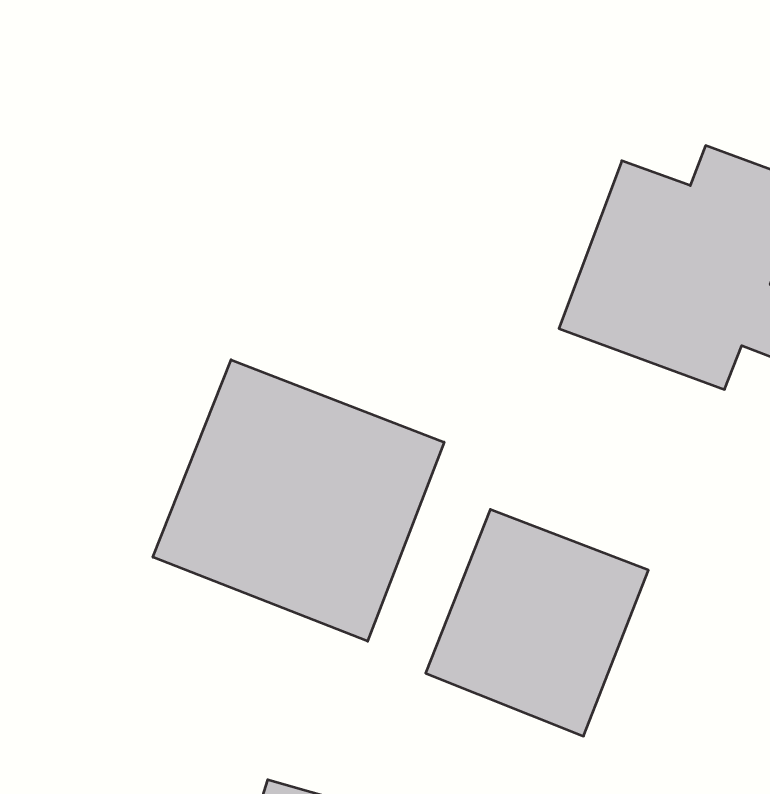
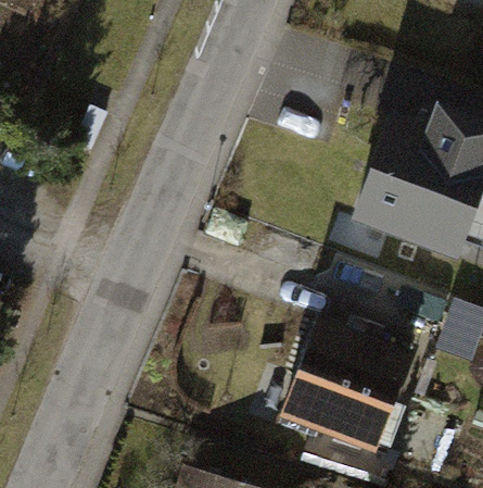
building: [153,360,444,641] -> none

